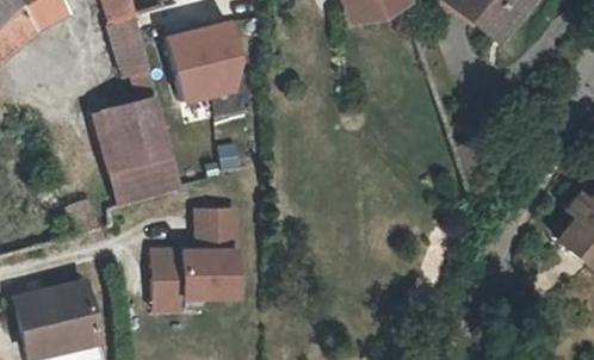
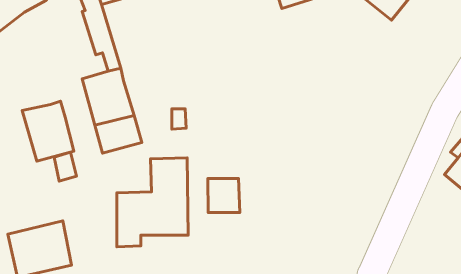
building: [162,21,246,107] -> none
building: none -> [22,101,74,161]
building: none -> [208,178,240,213]

